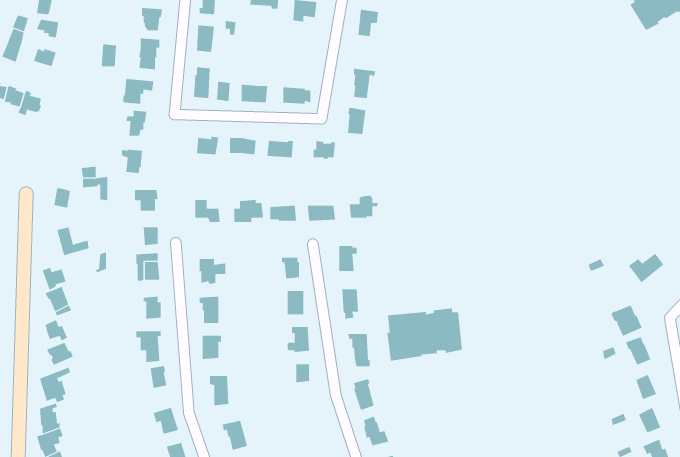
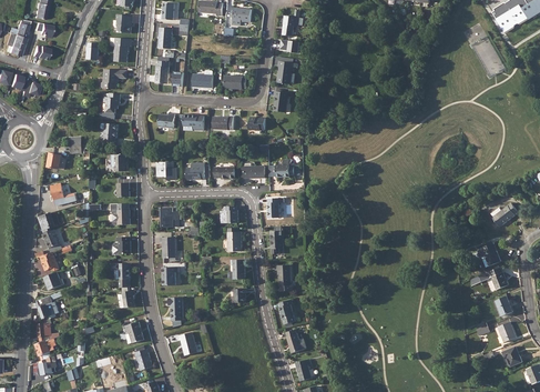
building: [387,308,463,361] -> none

